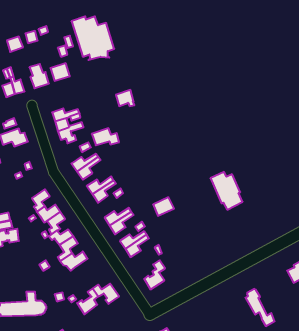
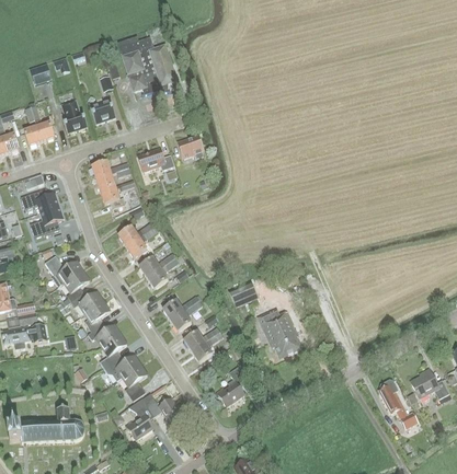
building: [92,128,119,145] -> [136,147,173,170]
building: none -> [28,205,62,236]
building: [210,172,243,210] -> [256,307,300,358]
building: none -> [44,254,81,289]
building: none -> [122,363,146,400]
building: [245,289,275,326] -> [377,378,416,428]

